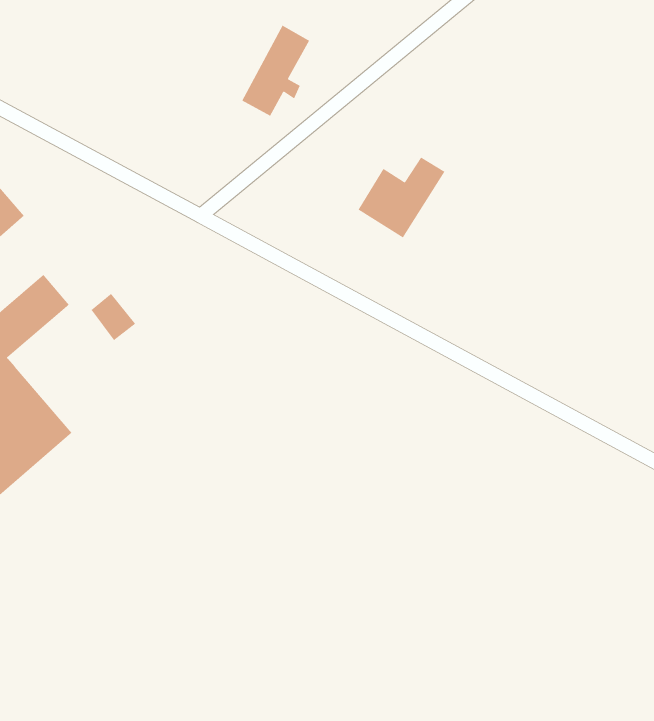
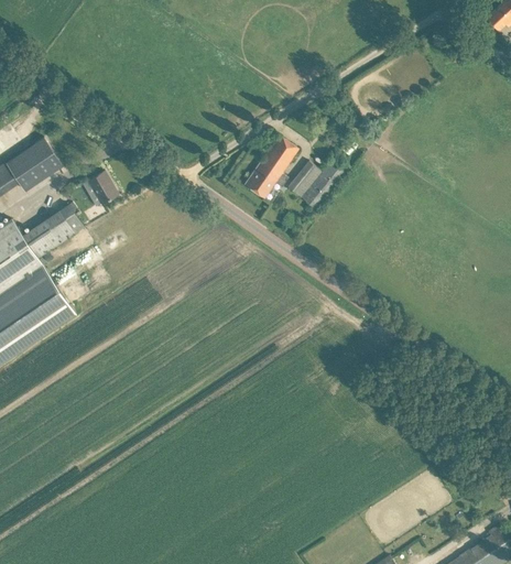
building: [241,24,310,117] -> [244,137,296,198]
building: [91,293,136,341] -> [87,172,117,205]

